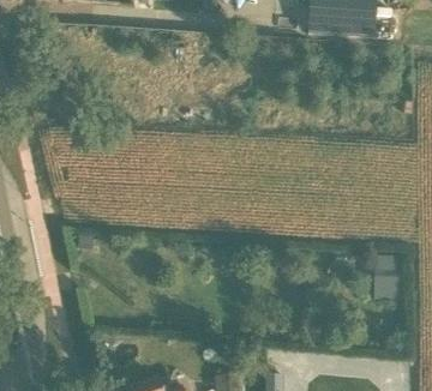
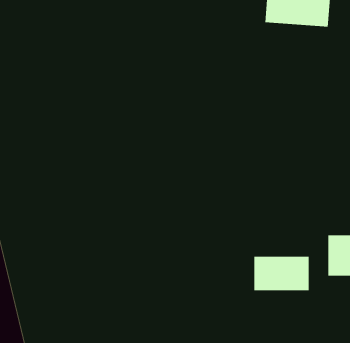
building: none -> [254,256,309,291]

